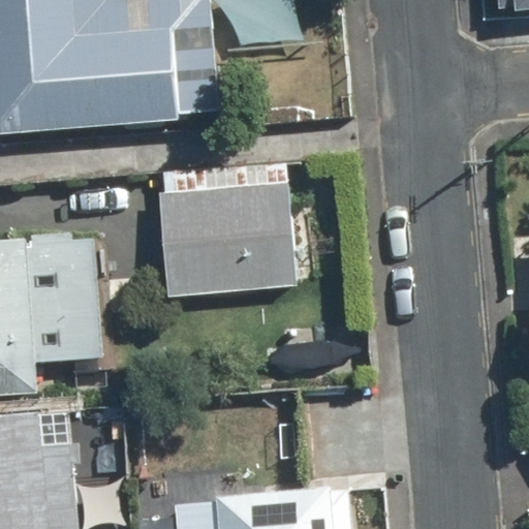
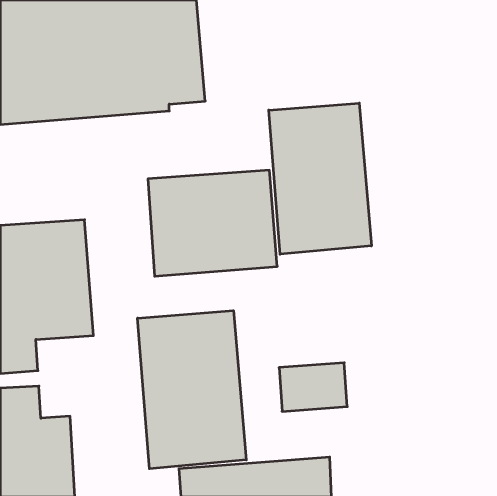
building: none -> [269,103,371,254]
building: none -> [138,311,246,469]

